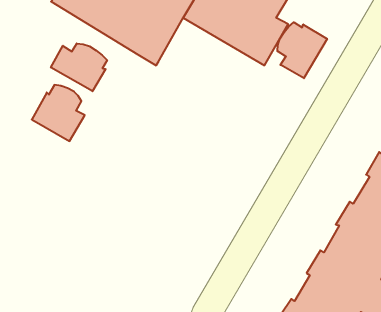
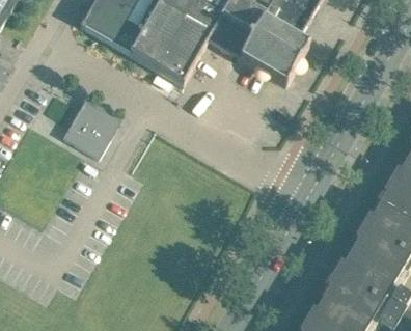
building: [277,22,327,78] -> none
building: [51,43,107,91] -> none

